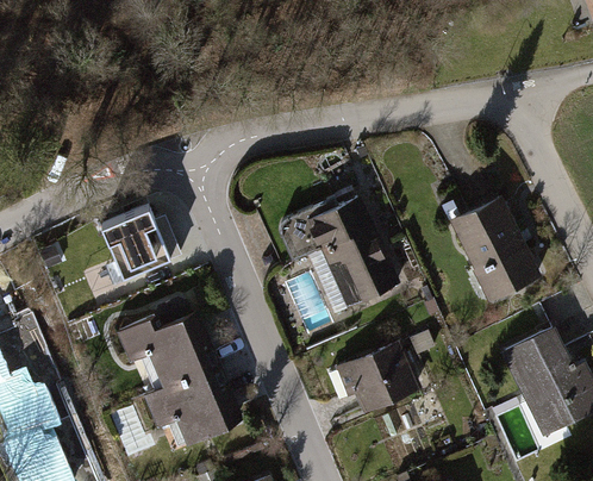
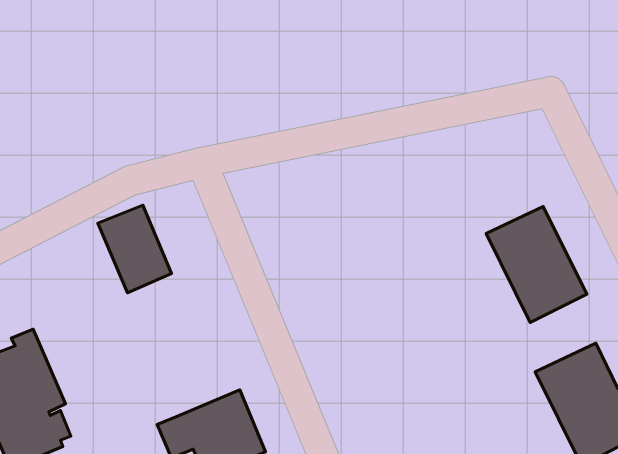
building: [285,196,401,312] -> none
building: [119,316,223,395] -> none
building: [329,338,426,410] -> none

